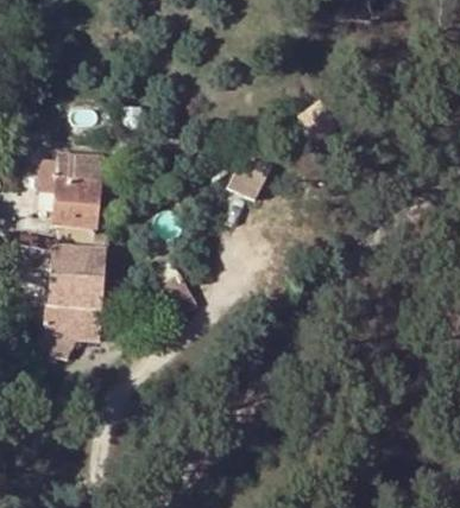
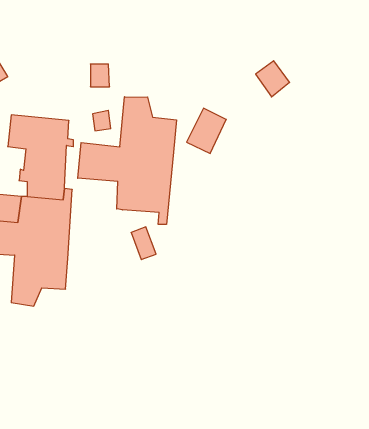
building: none -> [78,97,176,224]

